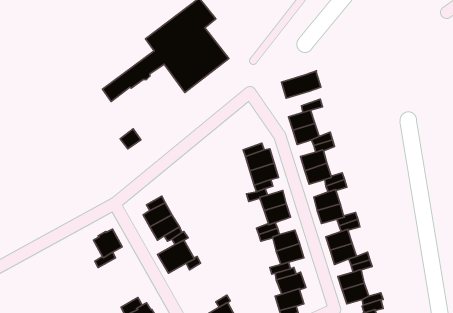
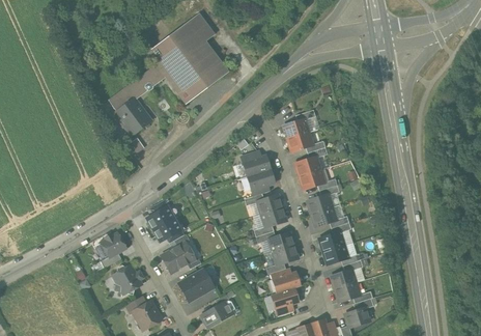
building: [282,71,321,98] -> none
building: none -> [114,97,151,132]
building: none -> [113,264,143,293]
building: none -> [179,269,215,301]

